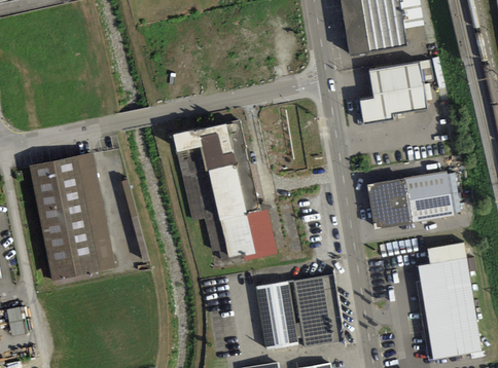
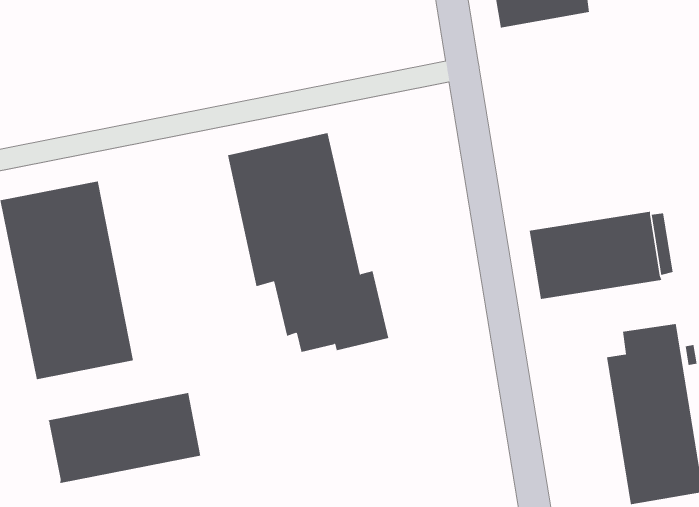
building: [359,64,426,124] -> none
building: [255,273,344,348] -> none
building: none -> [48,392,201,484]

